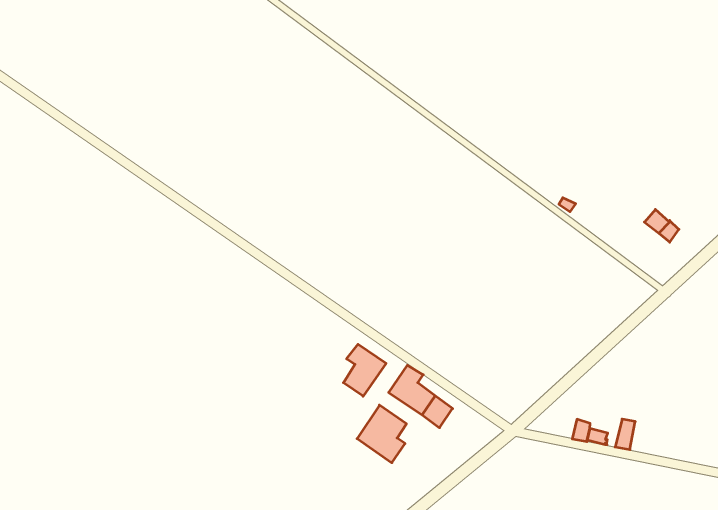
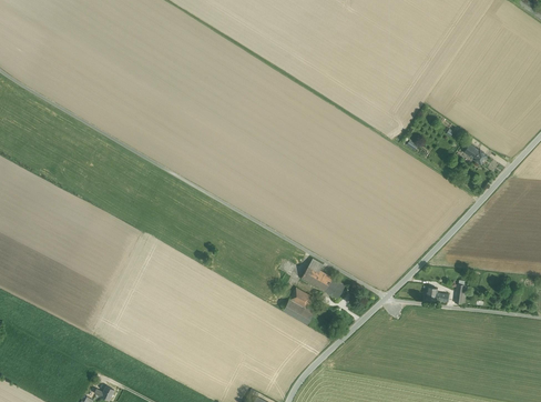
building: [343,344,386,396] -> none

